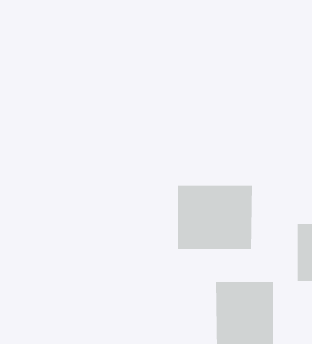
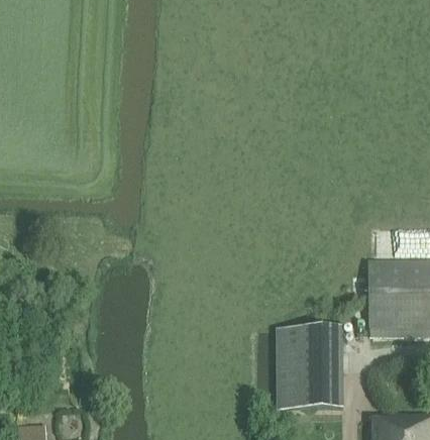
building: [178,185,253,250] -> none

